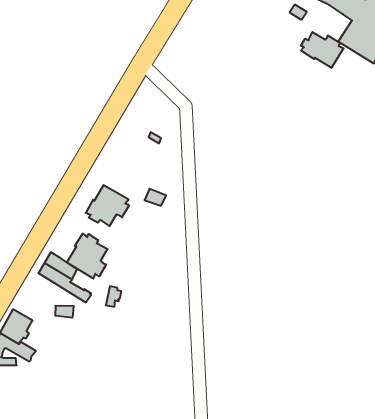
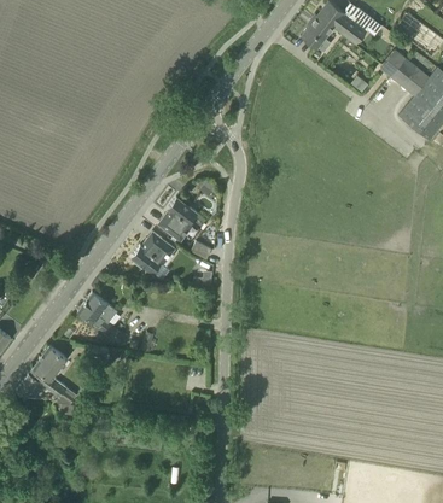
building: [301,32,344,68] -> none
building: none -> [157,197,197,241]
building: [67,233,108,279] -> none

